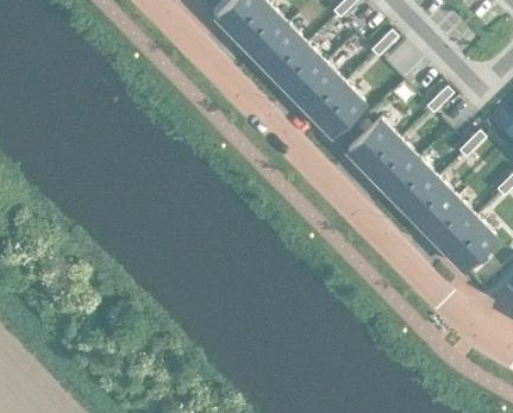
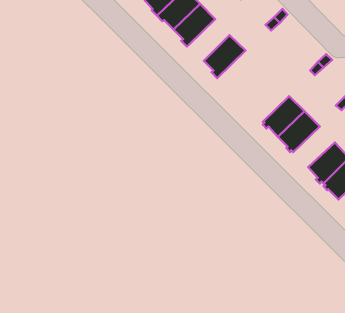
building: [270,43,324,95] -> none
building: [308,82,363,134] -> none
building: [346,119,399,171] -> none
building: [403,177,456,229] -> none

